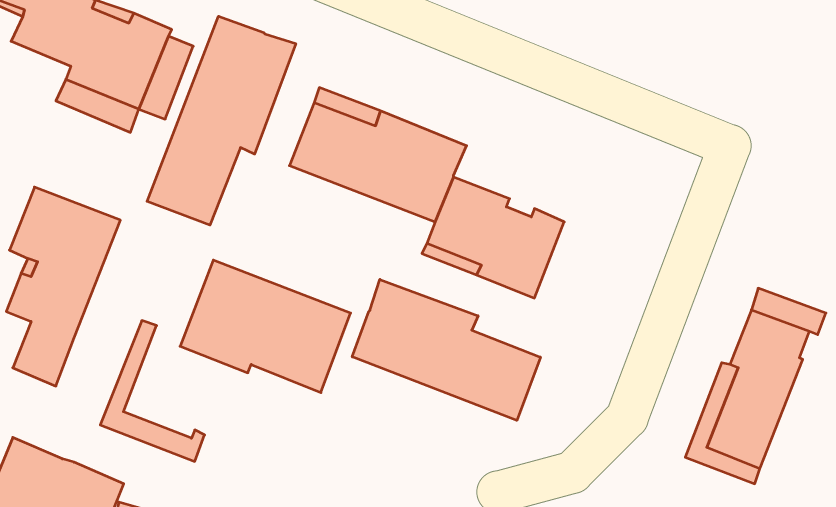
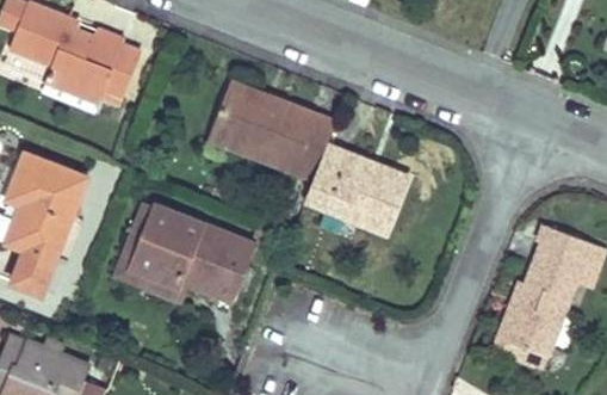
building: [147,16,296,225] -> none
building: [352,279,540,420] -> none
building: [100,321,205,461] -> [113,202,188,303]

